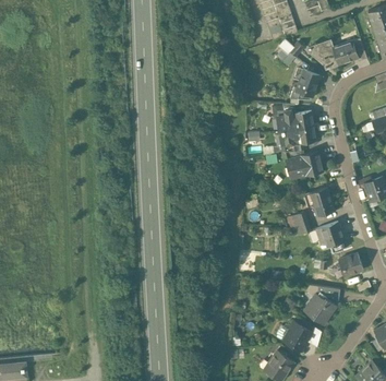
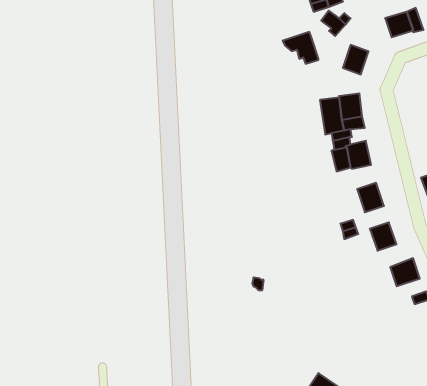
building: [309,40,339,68] -> [283,32,318,64]
building: [303,285,339,324] -> none
building: [282,321,312,350] -> none

